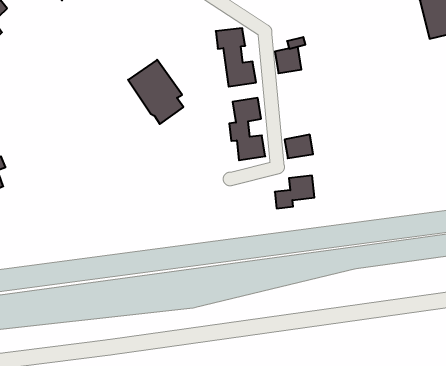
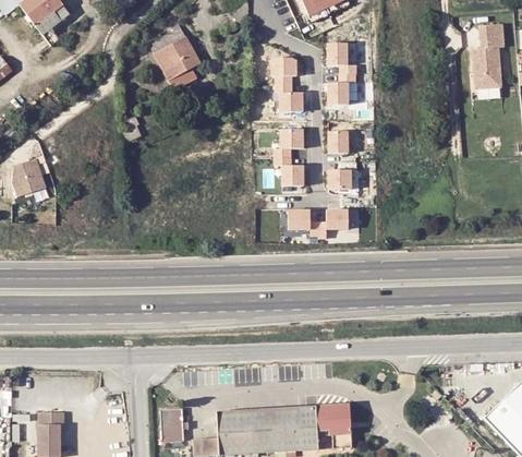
building: none -> [326,44,348,65]
building: [128,60,183,124] -> [146,25,197,88]
building: none -> [327,131,349,154]
building: none -> [287,209,311,230]

